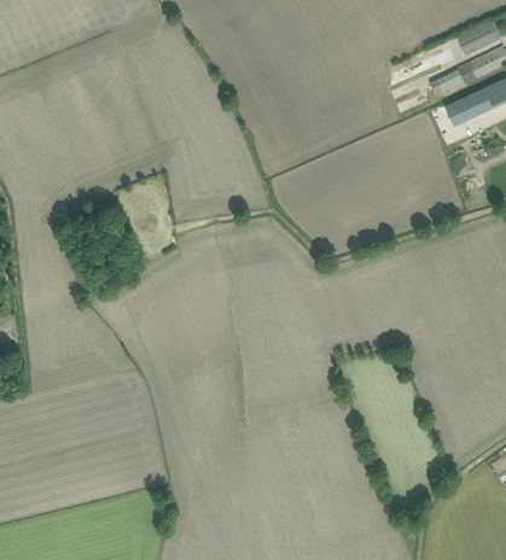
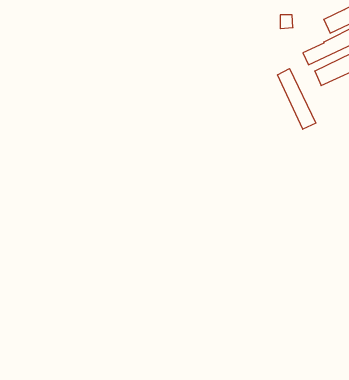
building: none -> [278,69,316,129]

